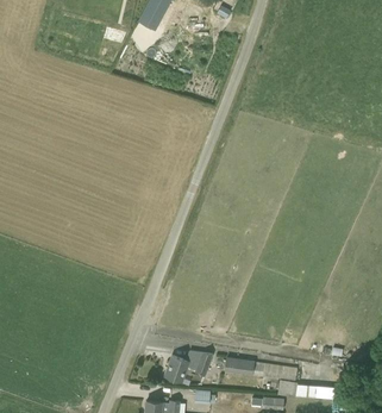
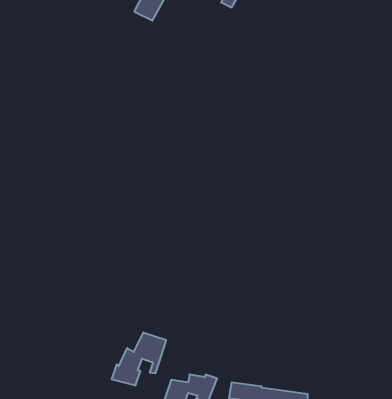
building: none -> [112,332,166,386]

